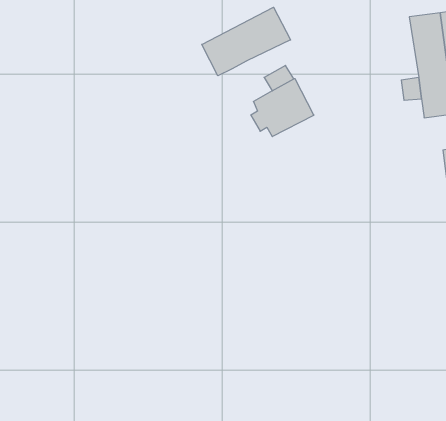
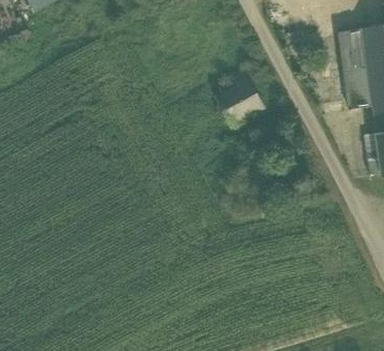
building: [202,7,291,76] -> none

